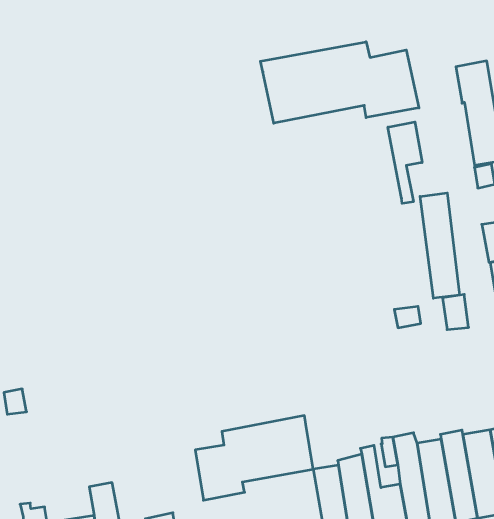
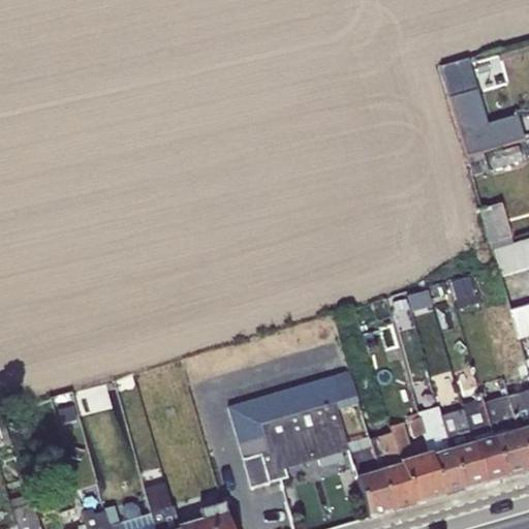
building: [260,42,419,123] -> none
building: [388,122,422,203] -> none
building: [420,193,460,298] -> none
building: none -> [228,369,361,443]

